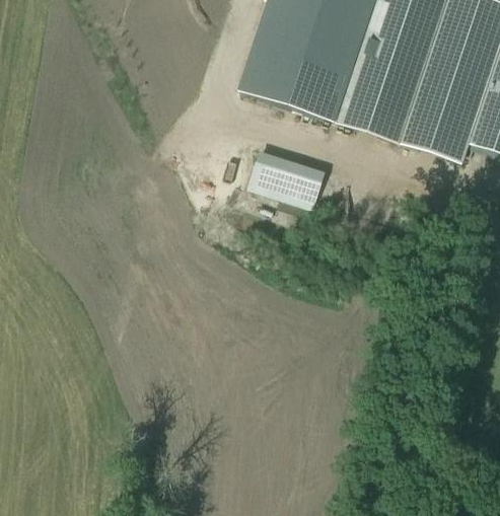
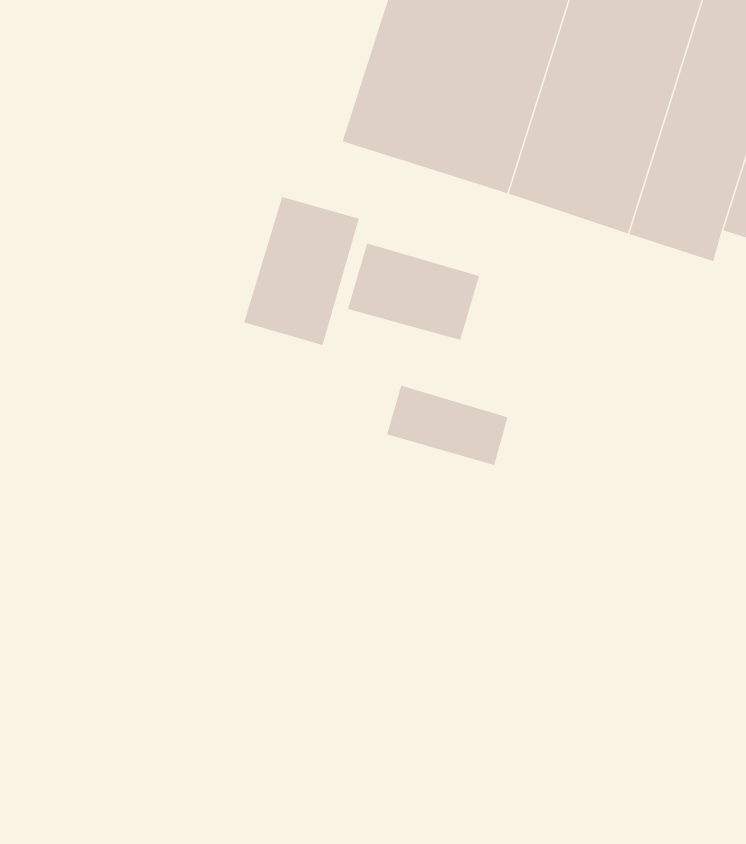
building: none -> [244,196,359,346]
building: none -> [387,385,508,466]

